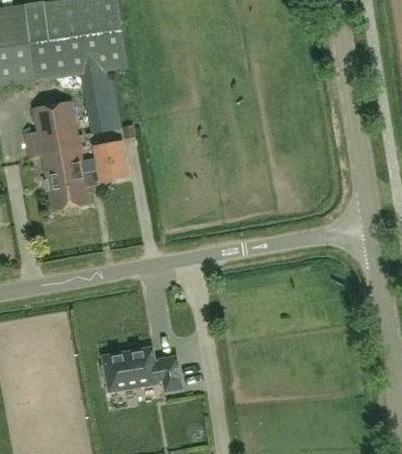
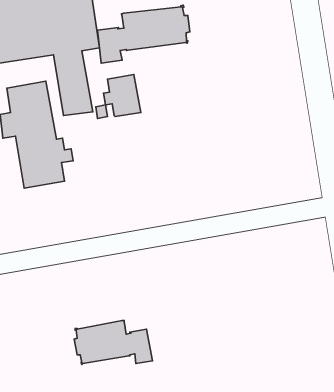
building: none -> [98,5,190,63]
building: [88,139,127,182] -> [104,74,141,117]

